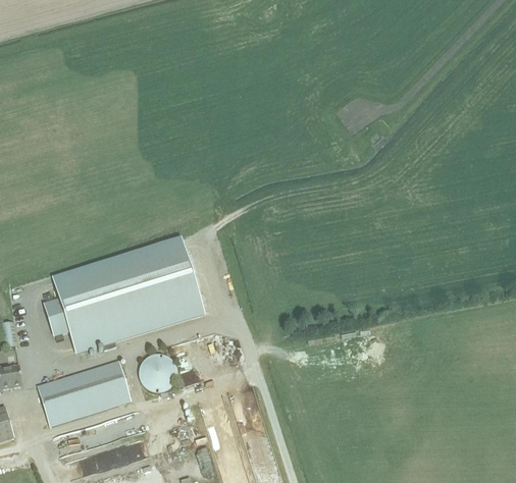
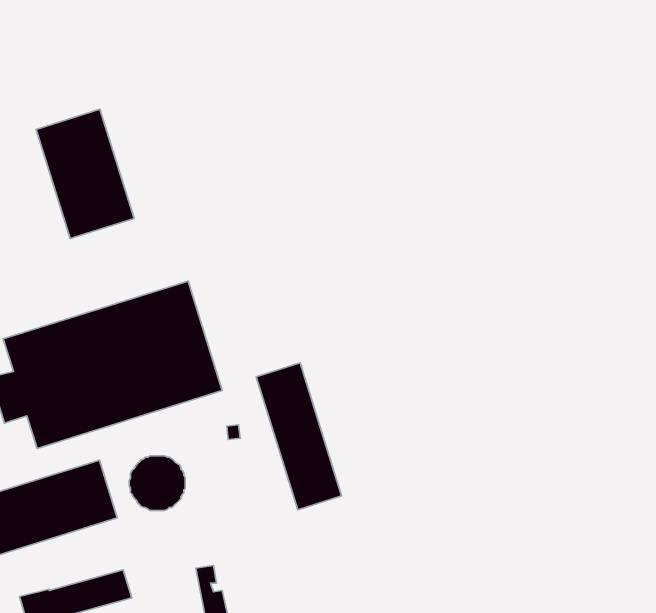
building: none -> [36,109,134,239]
building: none -> [256,363,342,510]

